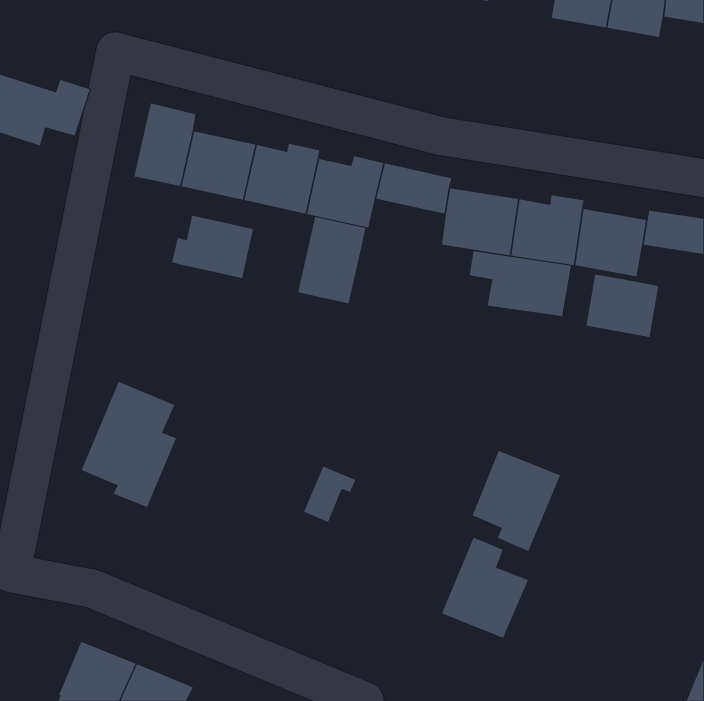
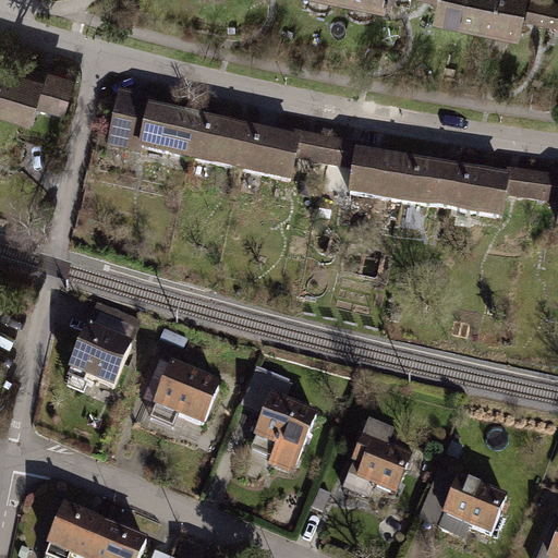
building: [171,215,254,279] -> none
building: [298,216,366,304] -> none
building: [469,251,572,317] -> none
building: [586,274,659,338] -> none
building: [472,450,561,552] -> [248,392,318,472]
building: none -> [147,361,226,437]
building: none -> [438,478,510,542]

